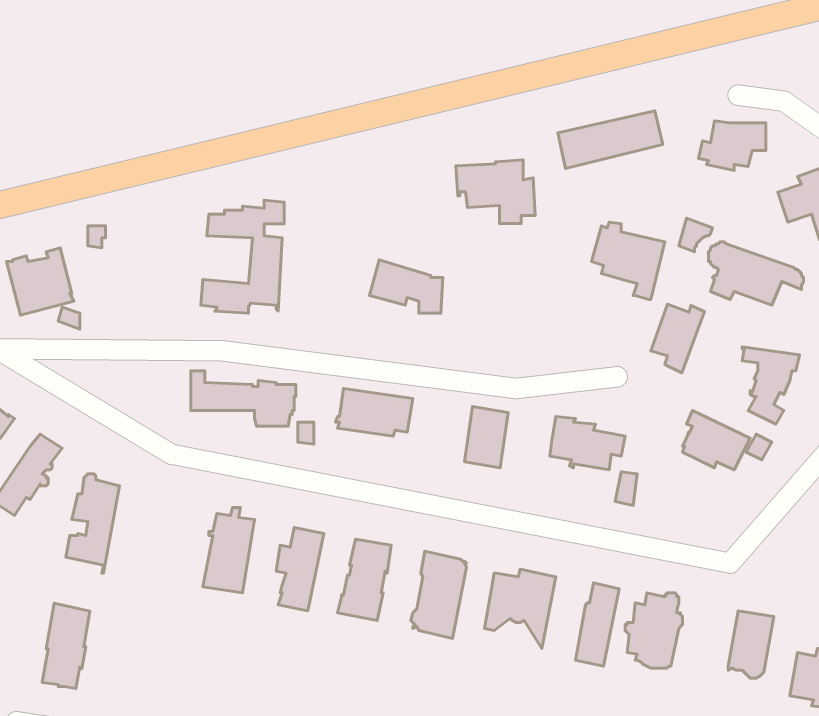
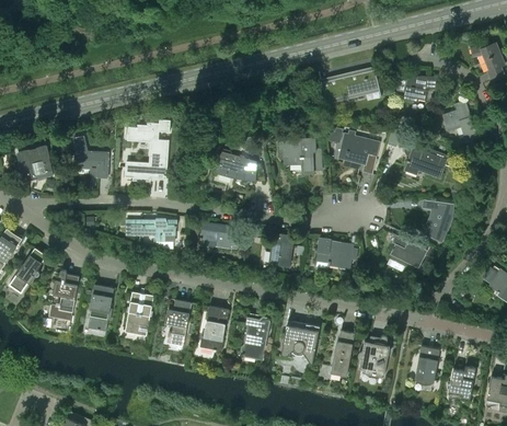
building: [456,160,535,223] -> [278,138,322,173]
building: none -> [74,136,108,179]
building: [651,304,705,373] -> none
building: [42,603,90,689] -> [88,284,114,331]

